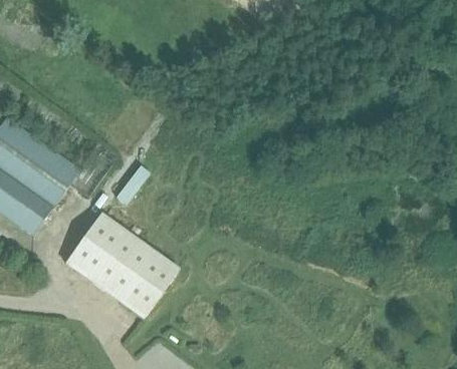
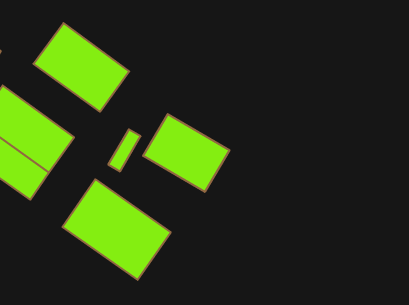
building: none -> [33,23,129,112]
building: none -> [143,114,229,192]

